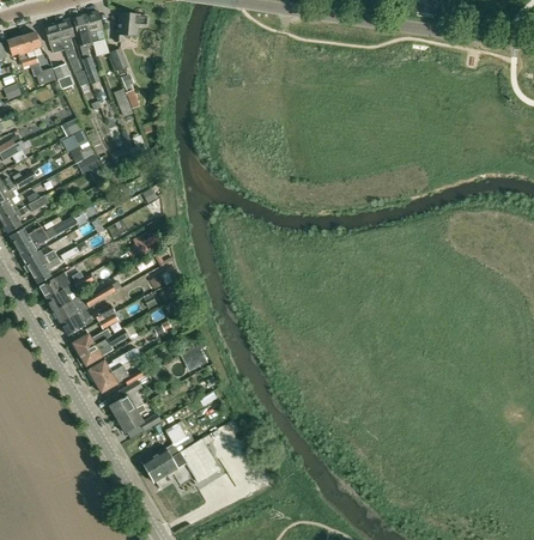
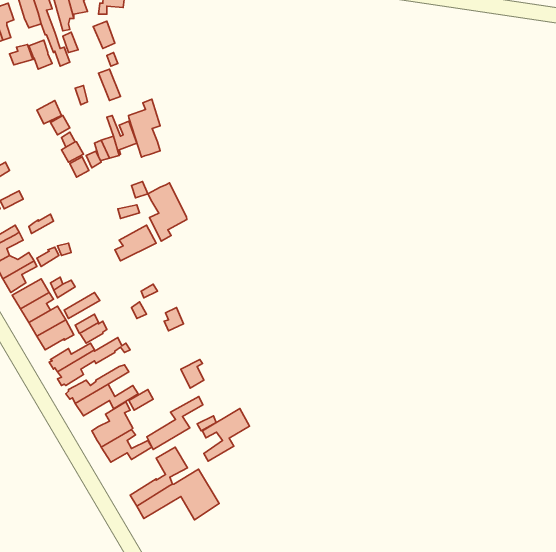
building: none -> [129,99,160,157]
building: none -> [148,183,187,241]
building: none -> [147,396,203,450]
building: none -> [203,408,250,461]

